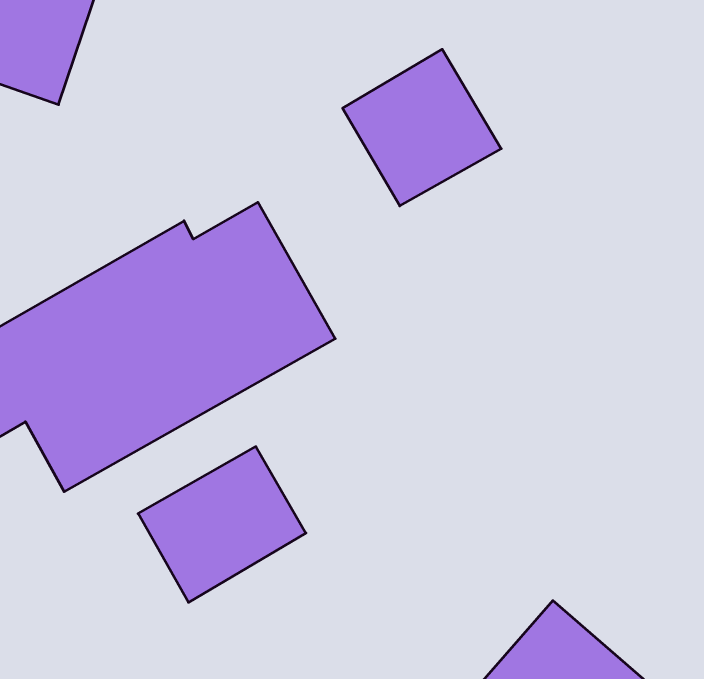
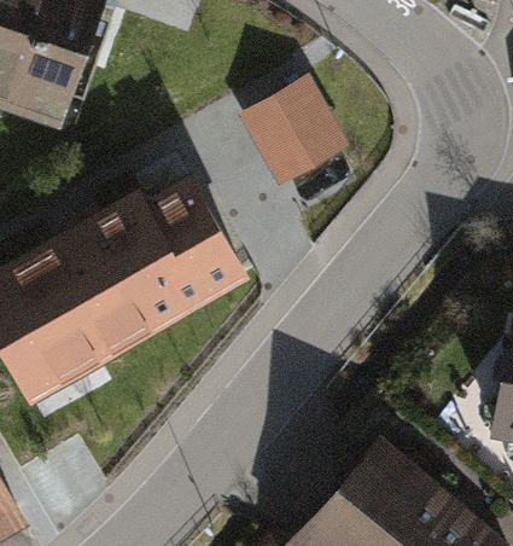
building: [138,447,306,602] -> none

